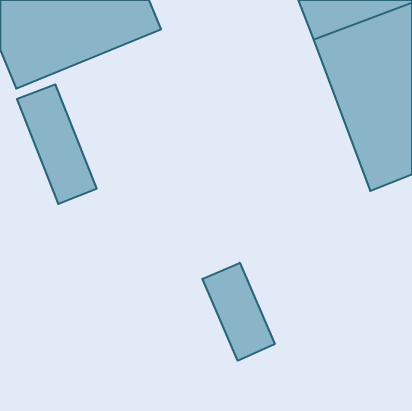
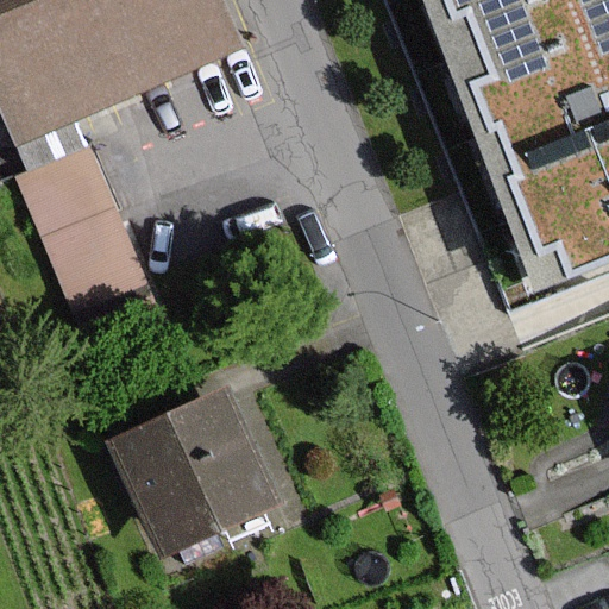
building: [202,263,275,361] -> none
building: none -> [117,394,277,553]

